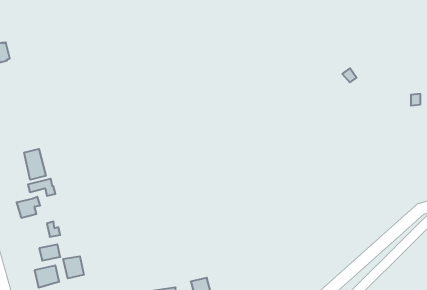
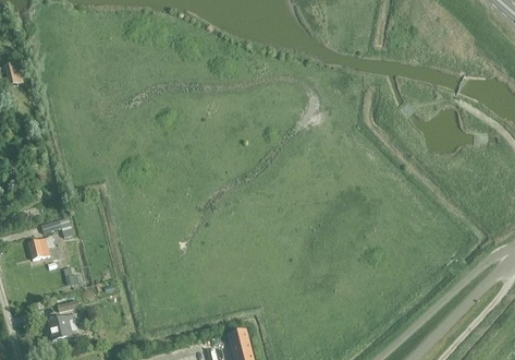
building: [24,149,46,180] -> none
building: [63,256,84,278] -> none

